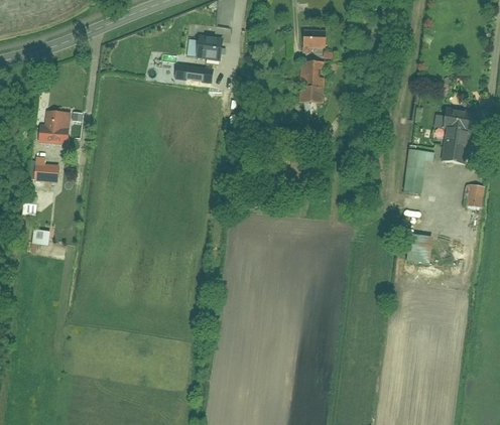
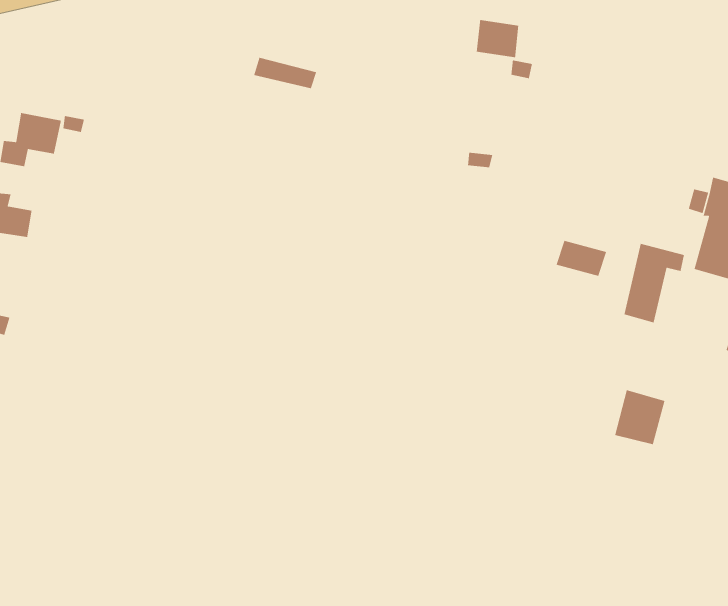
building: [196,37,223,62] -> none
building: [298,65,323,104] -> none
building: none -> [555,240,607,277]

